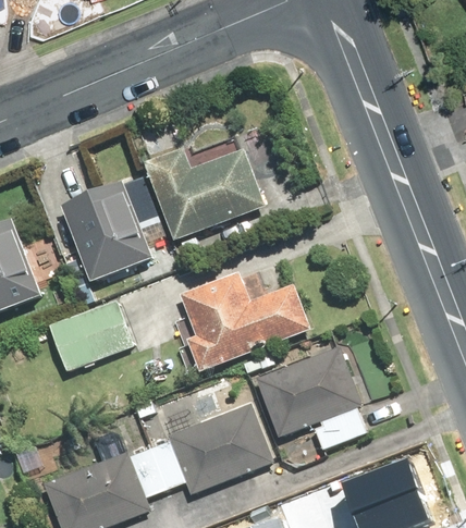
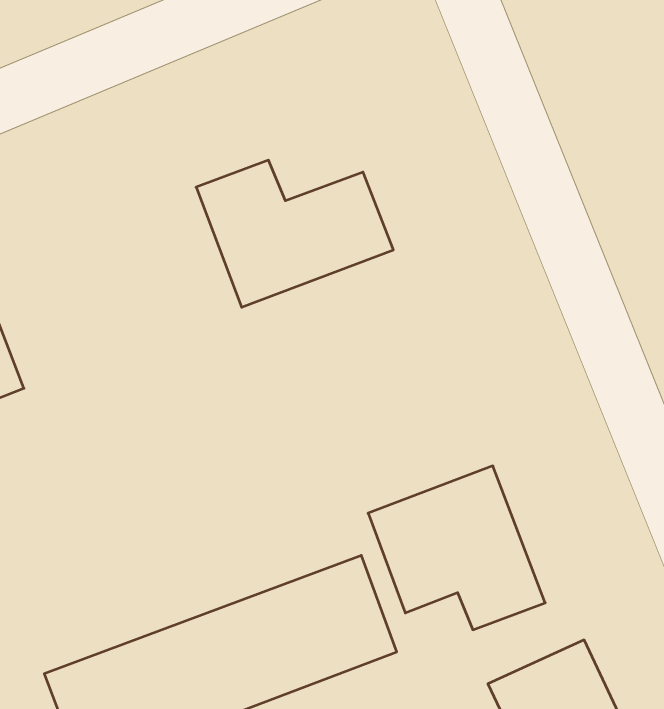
building: [61,183,149,280] -> none
building: [174,271,315,373] -> none
building: [44,300,125,372] -> none

